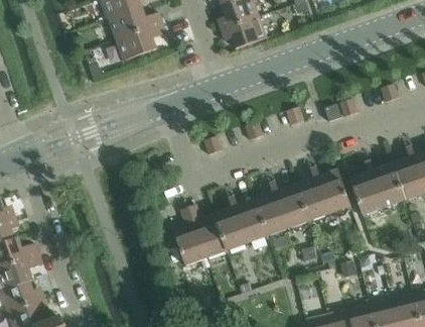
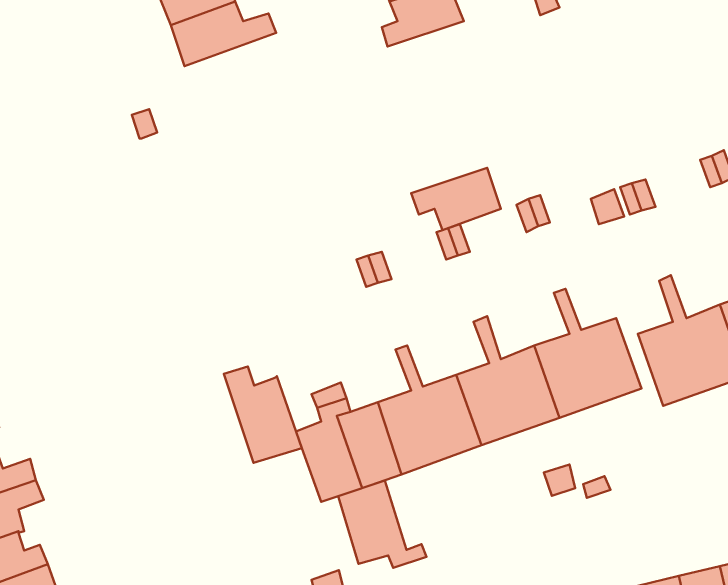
building: [220,16,266,48] -> [411,168,501,230]
building: [115,22,166,61] -> none
building: none -> [224,367,302,463]
building: none -> [338,481,426,568]

